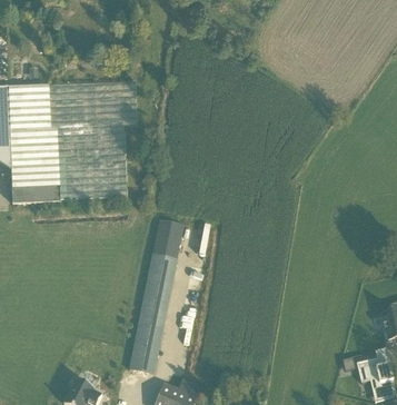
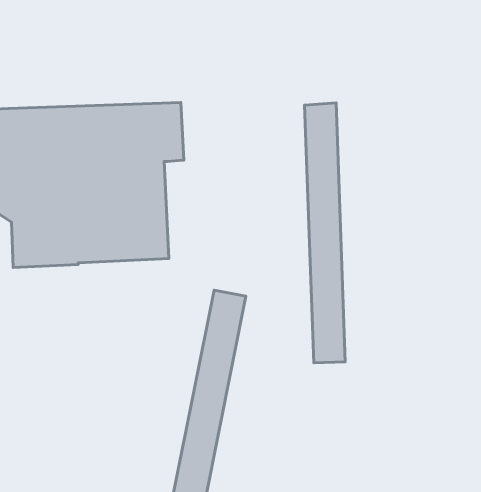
building: none -> [304,103,345,363]

